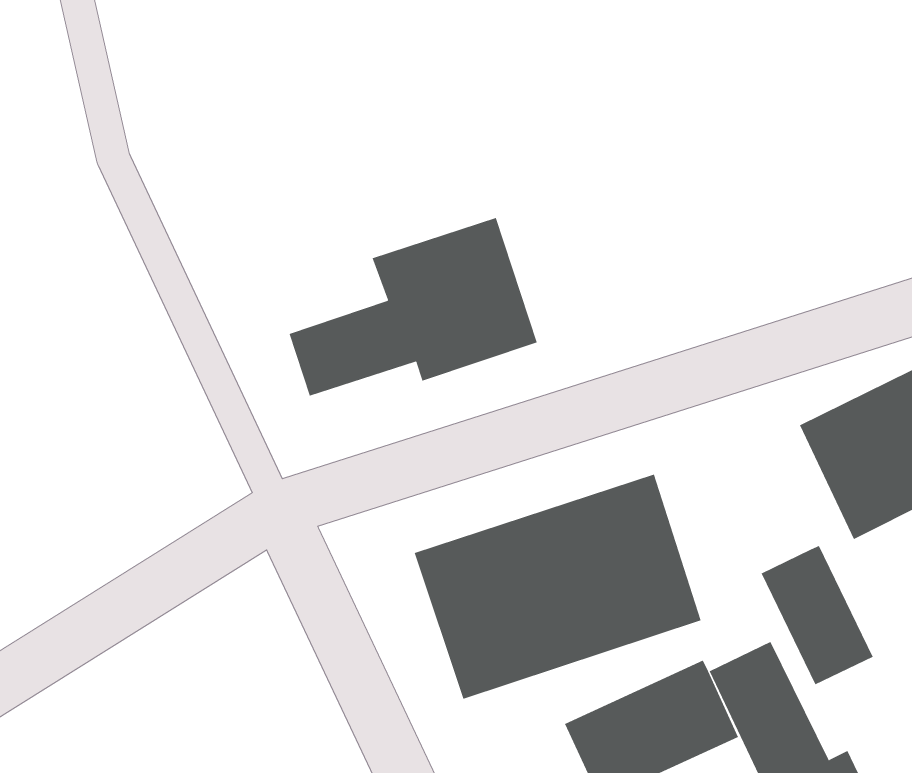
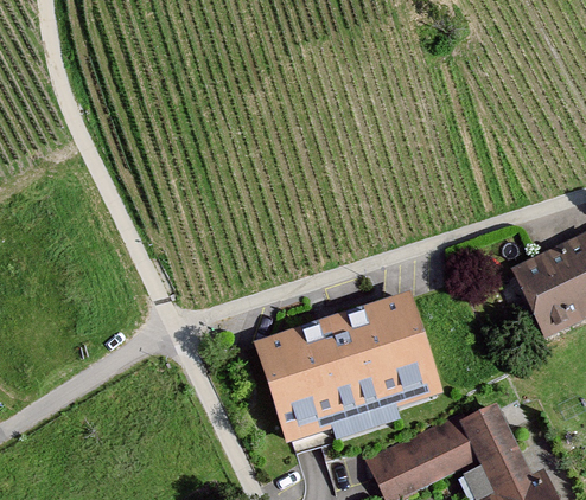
building: [289,217,537,396] -> none
building: [761,545,873,685] -> none

